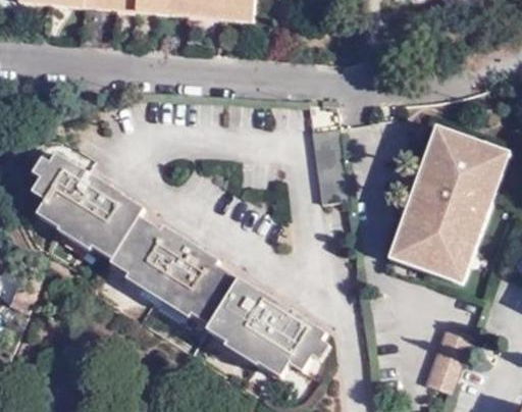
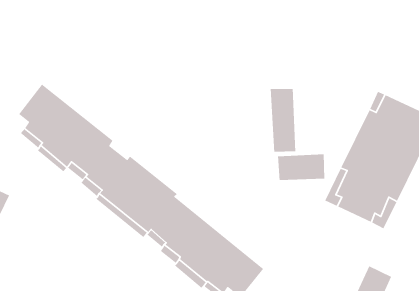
building: none -> [277,154,325,181]

